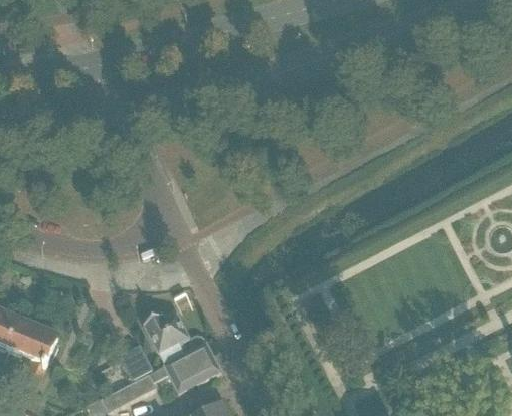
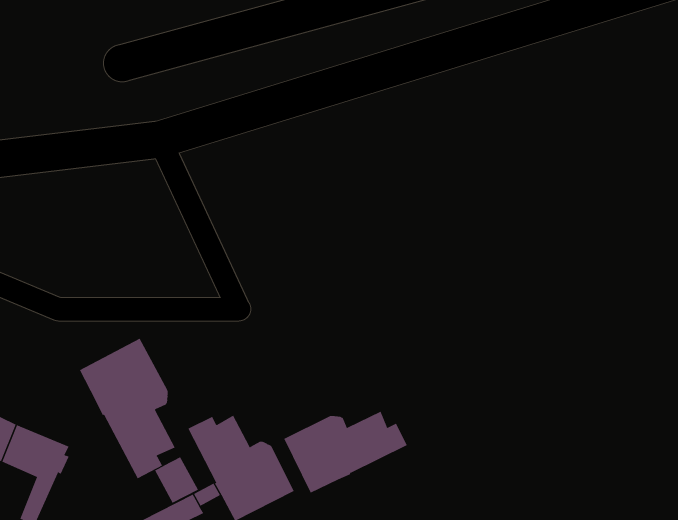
building: none -> [79,338,175,479]
building: none -> [284,411,407,494]

